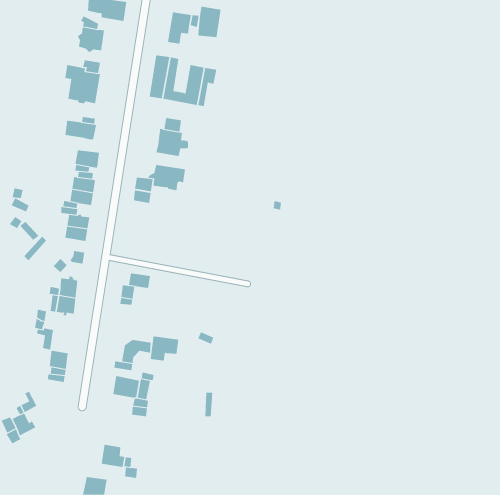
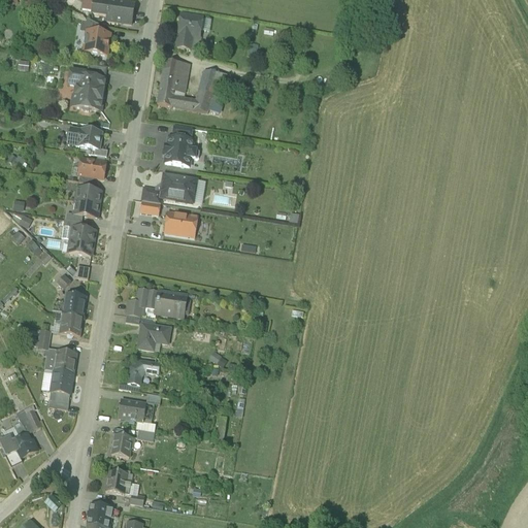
building: [198,6,221,38] -> none
building: none -> [164,209,198,237]
building: none -> [156,289,187,315]
building: none -> [54,345,76,372]
building: [150,336,179,361] -> [139,322,170,349]
building: none -> [113,432,135,457]

